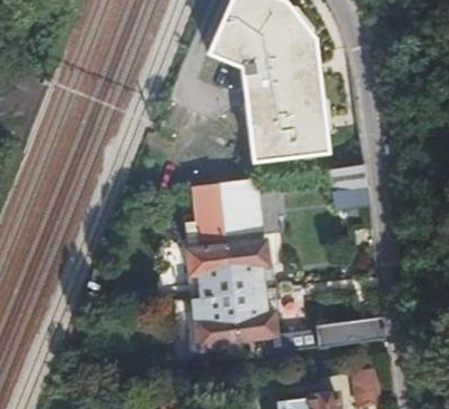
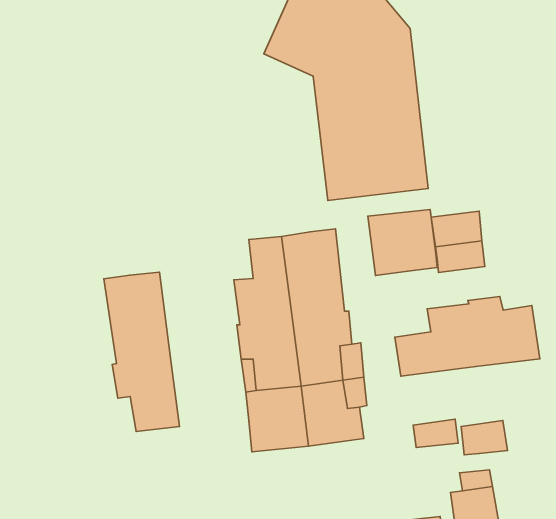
building: none -> [368,209,437,276]
building: none -> [104,272,180,432]
building: none -> [395,296,540,376]

